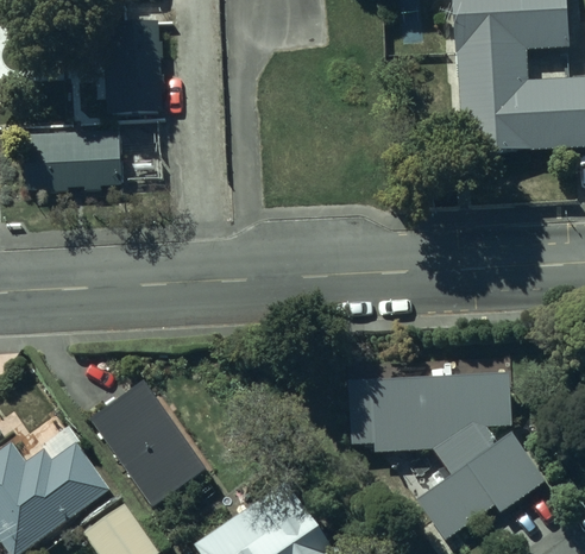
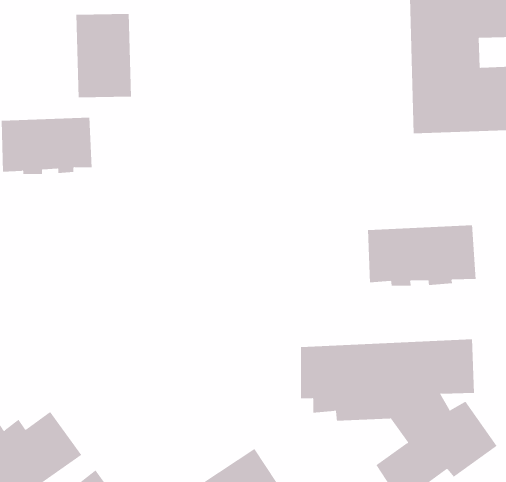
building: none -> [367,225,476,286]
building: [86,378,205,506] -> none

